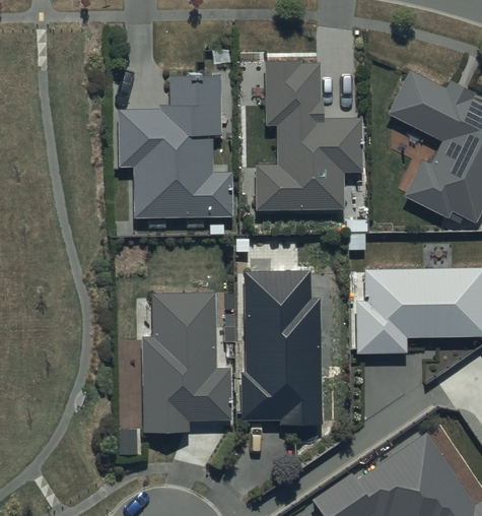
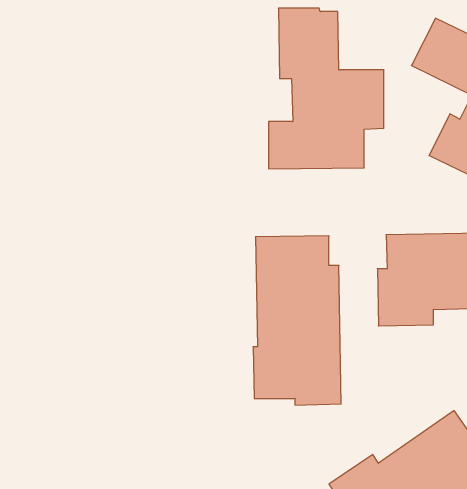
building: [118,75,232,217] -> none
building: [143,293,231,433] -> none

